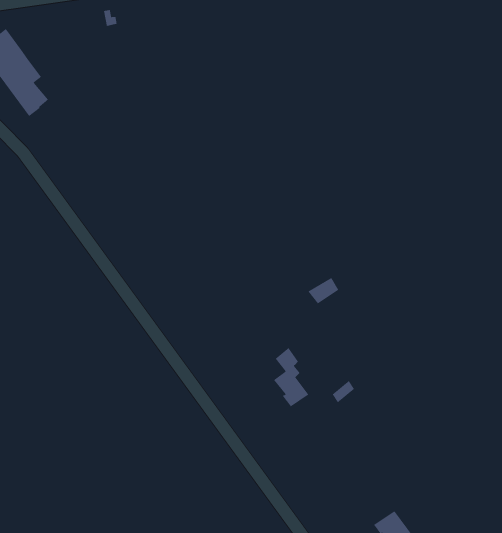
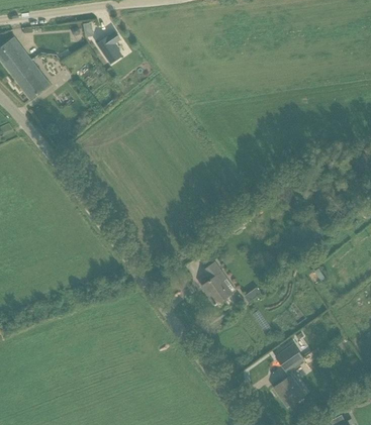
building: none -> [97,30,122,62]
building: none -> [276,343,303,369]

